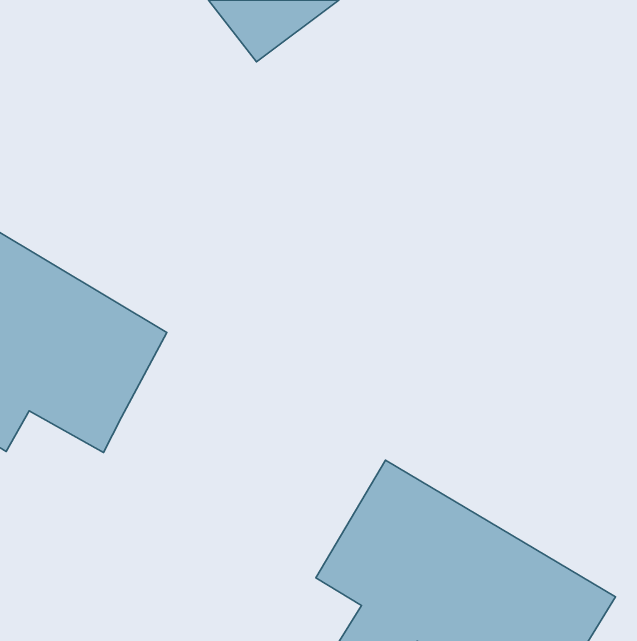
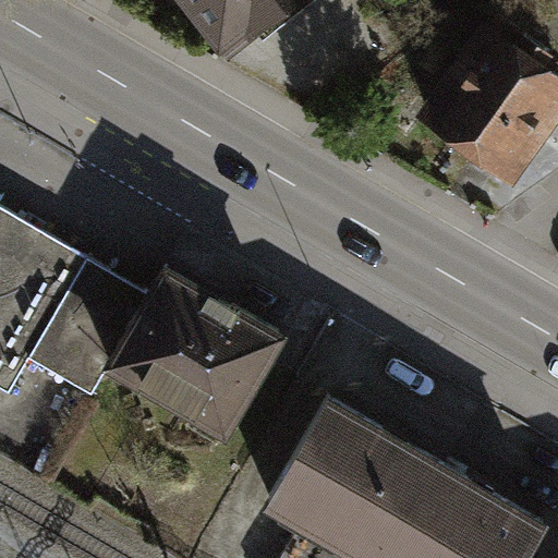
building: none -> [416,47,544,180]
building: none -> [105,256,289,436]

